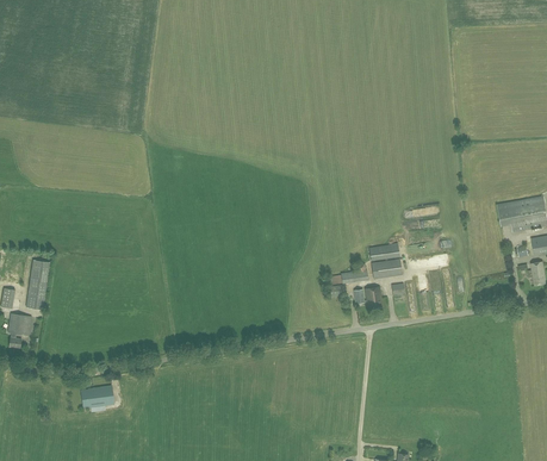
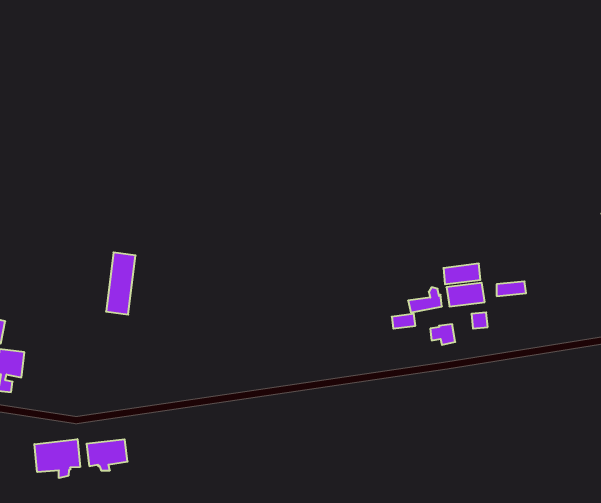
building: [25,260,49,310] -> [106,252,136,315]
building: none -> [34,439,80,478]

